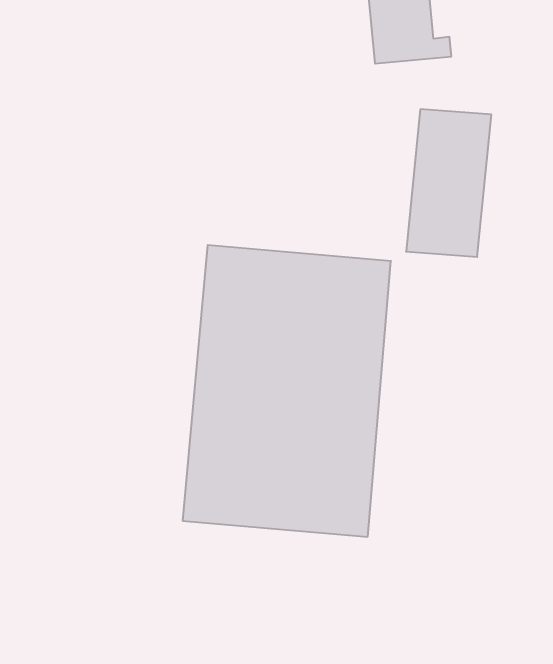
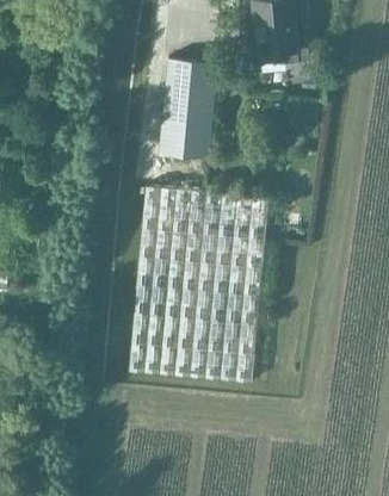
building: [406,109,491,257] -> [159,58,216,157]

